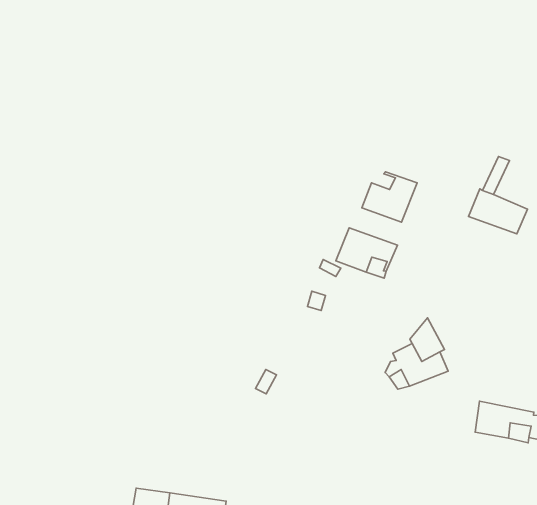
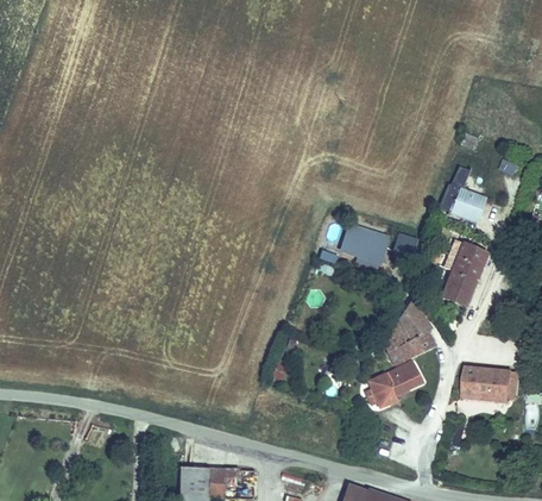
building: [362,172,417,222] -> none
building: none -> [439,243,485,306]
building: none -> [368,358,427,406]

